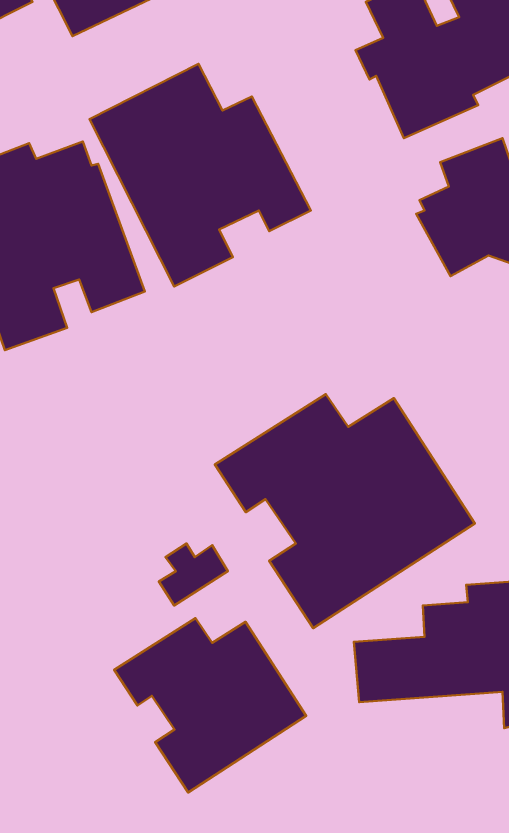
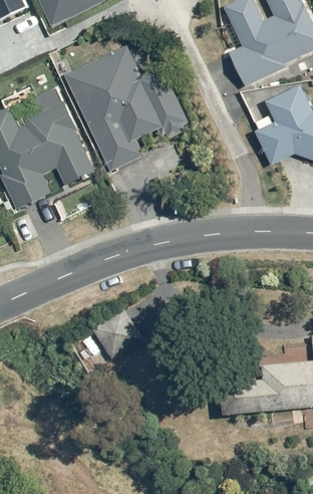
building: [215,394,475,628] -> none
building: [114,618,306,793] -> none

